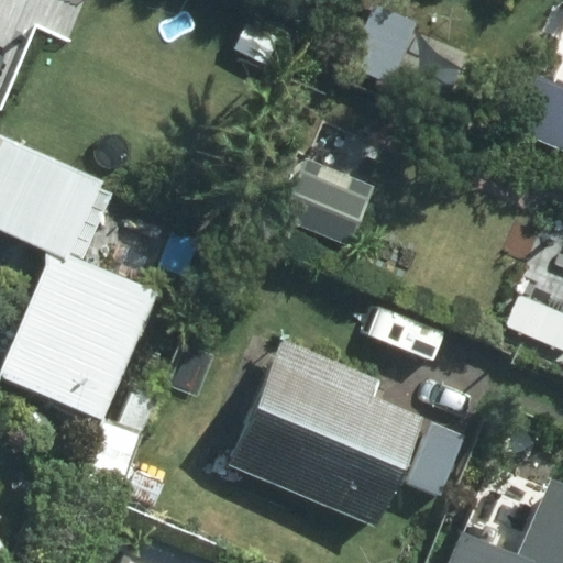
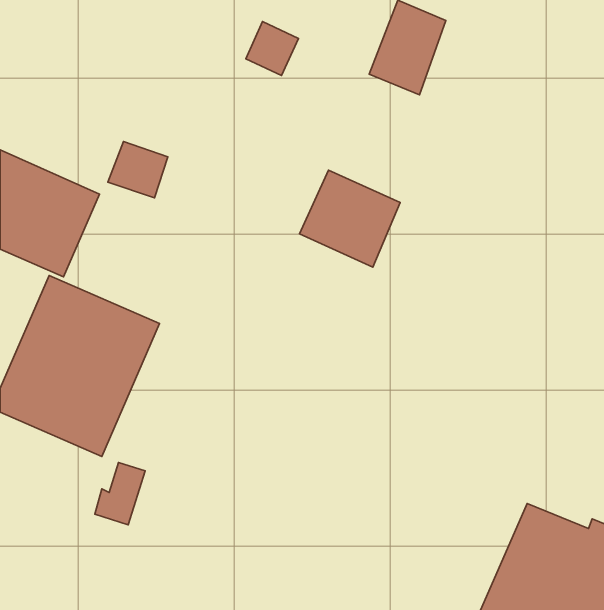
building: [231,340,416,522] -> none

